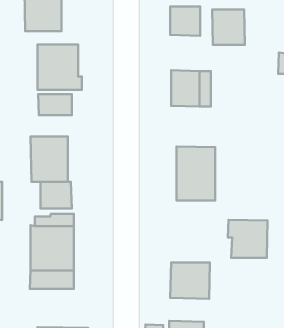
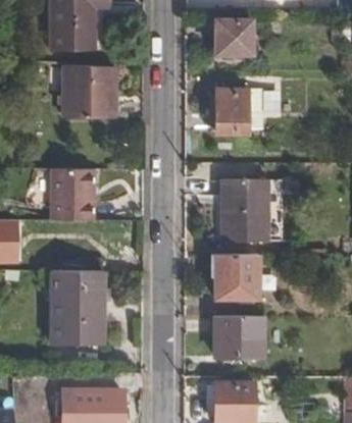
building: [212,9,245,45] -> none
building: [38,94,72,115] -> none
building: [41,182,72,209] -> none
building: [228,220,268,258] -> [212,255,258,299]

